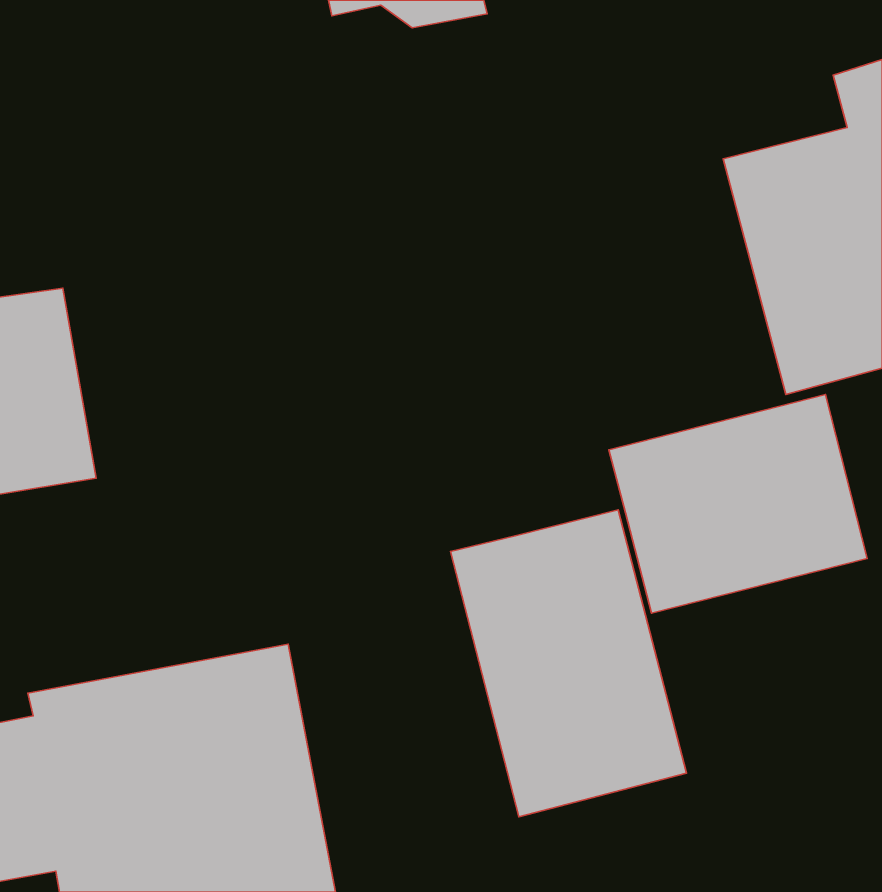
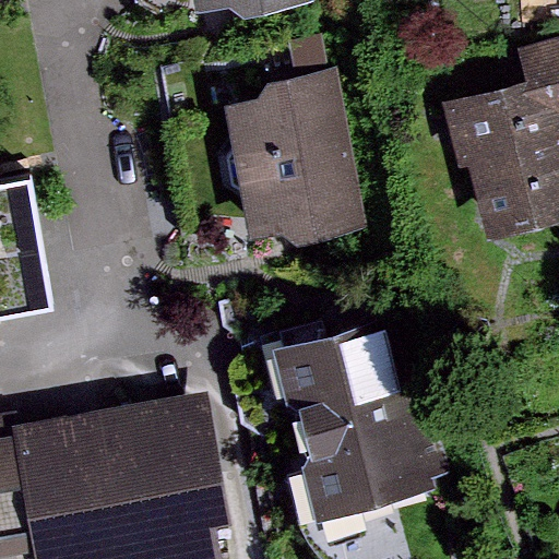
building: none -> [227,70,357,238]
building: [609,394,867,613] -> none

